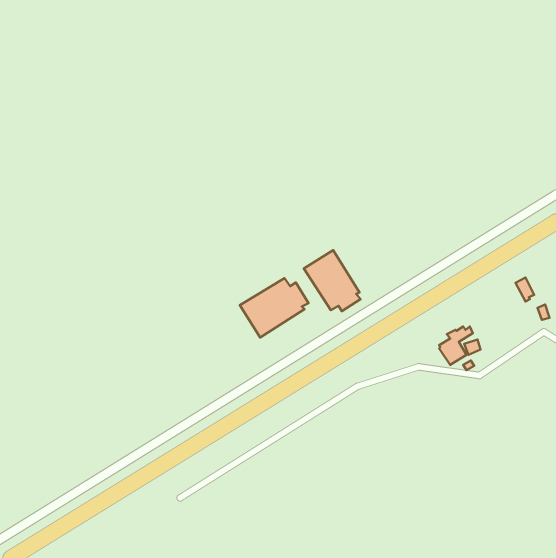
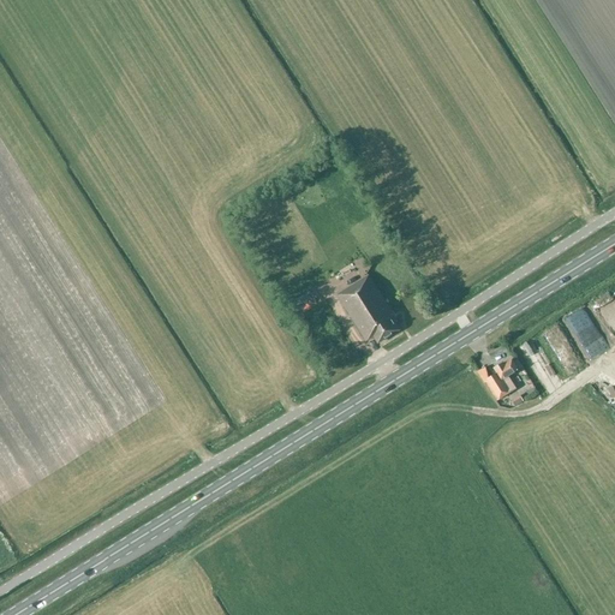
building: [240,278,309,338] -> none

